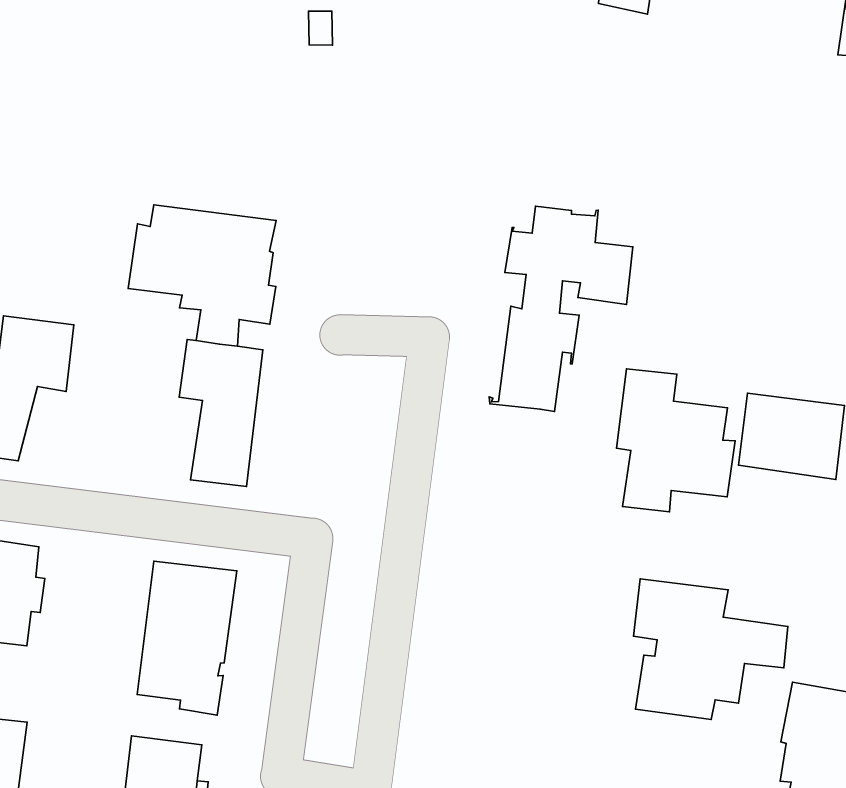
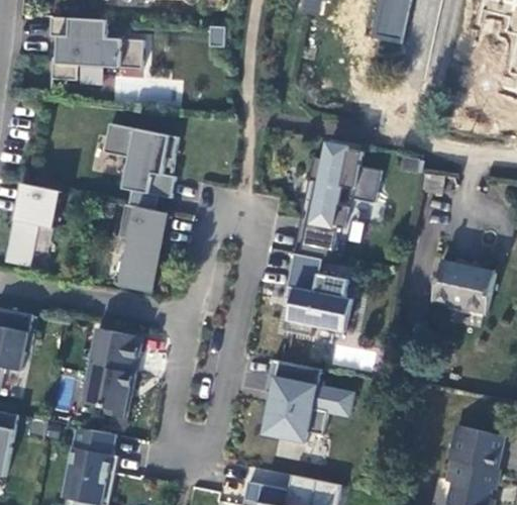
building: none -> [49,16,143,80]
building: [616,369,735,512] -> [285,254,352,336]
building: [634,579,788,720] -> [264,360,353,442]

